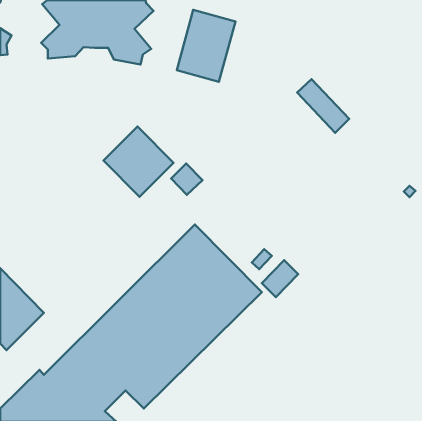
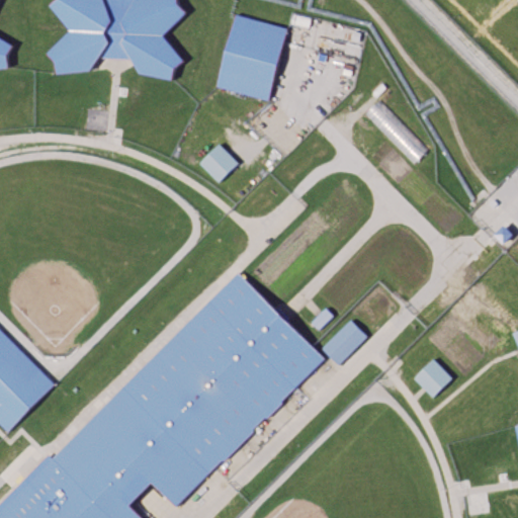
building: [103,127,174,197] -> none
building: [171,164,203,195] -> [200,144,239,182]
building: none -> [413,359,450,397]

